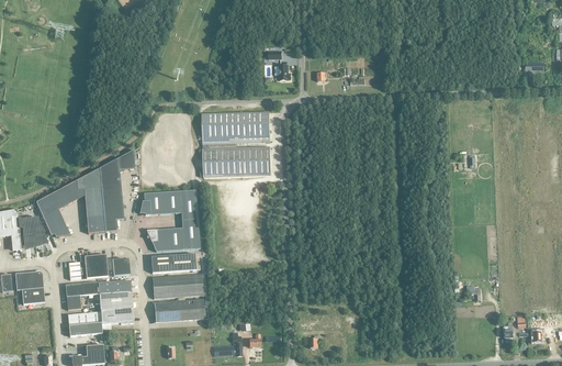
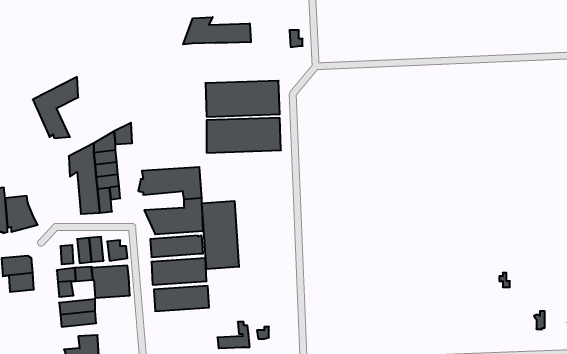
building: none -> [183,17,251,44]
building: [36,179,78,235] -> [33,77,78,138]
building: none -> [202,201,239,269]
building: [101,307,134,323] -> none

